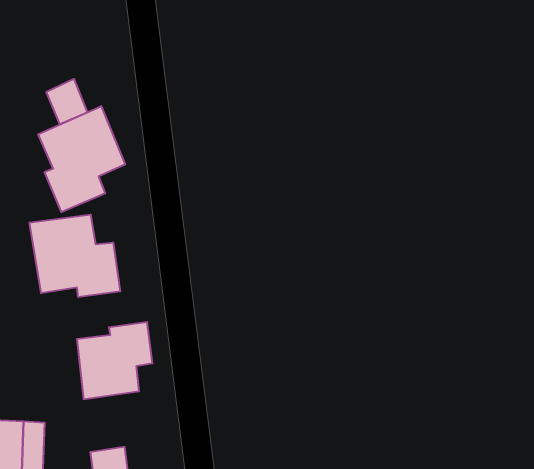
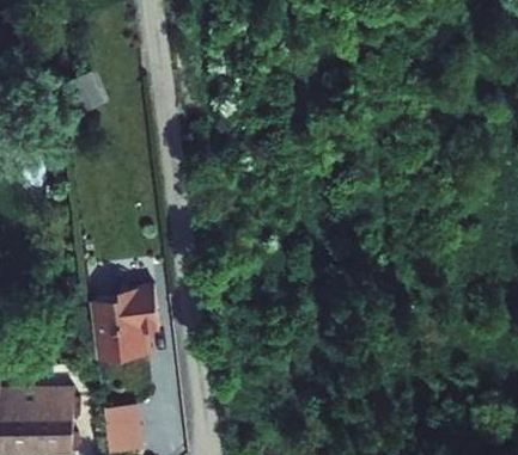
building: [38,106,125,212] -> none
building: [30,214,120,297] -> none

